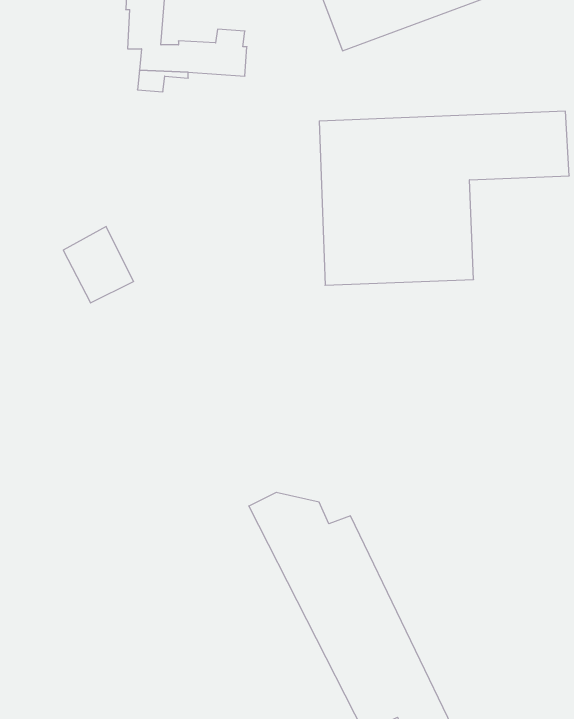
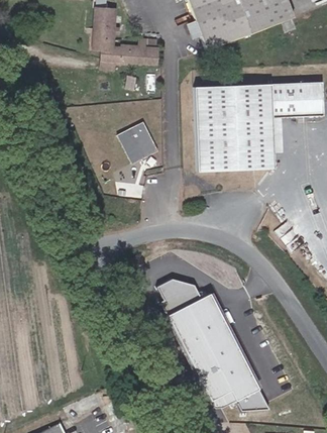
building: [63,227,134,303] -> [119,123,155,163]

